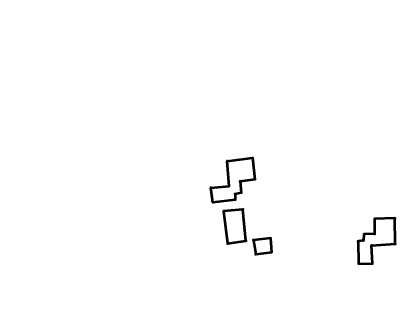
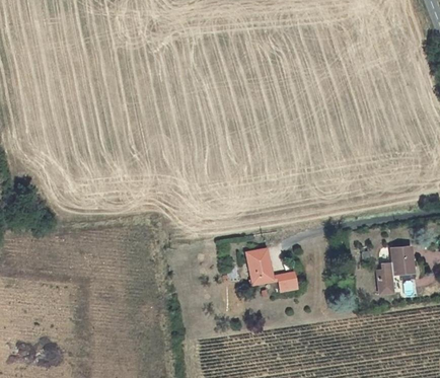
building: [211,158,255,202] -> none

